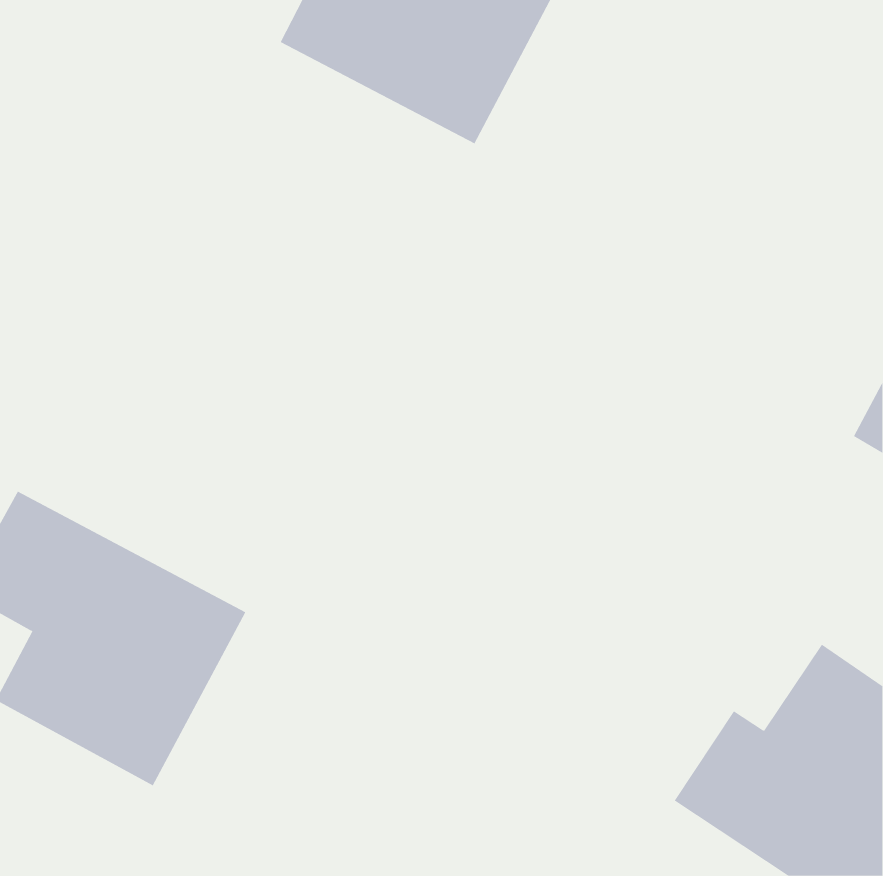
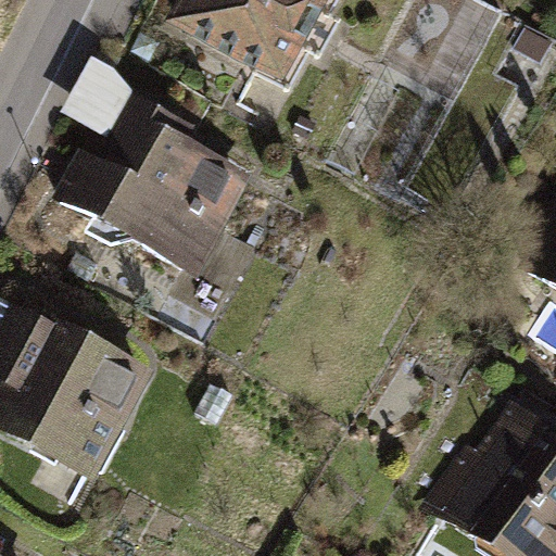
building: none -> [59,87,248,273]

